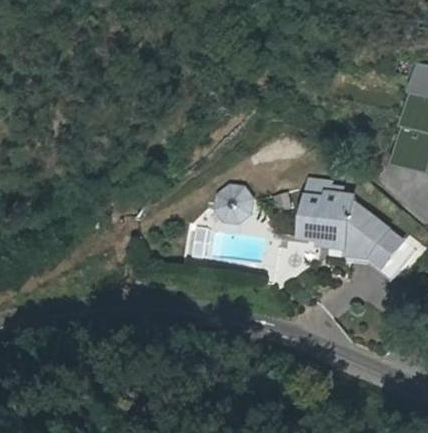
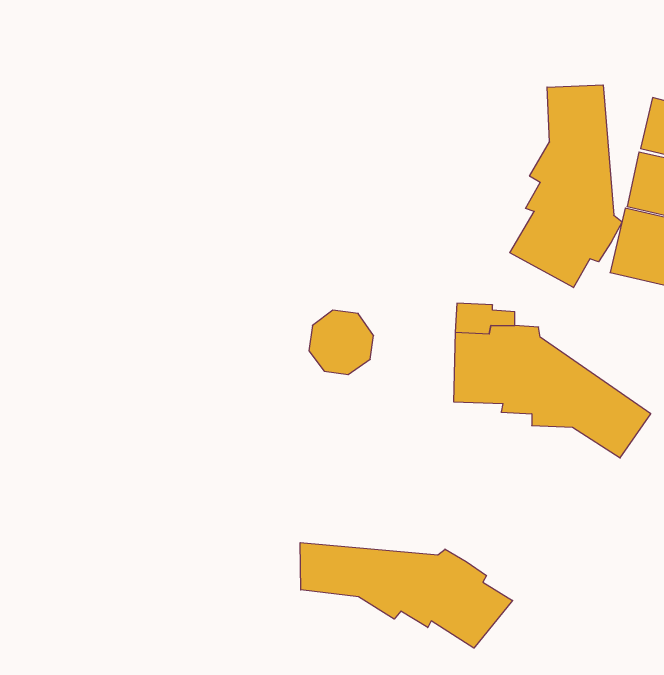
building: none -> [510,85,622,288]
building: none -> [300,543,513,648]

